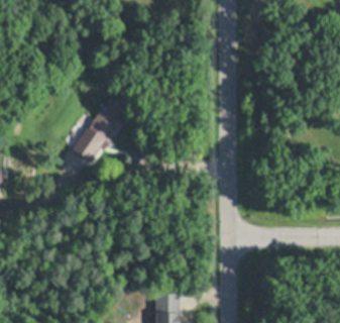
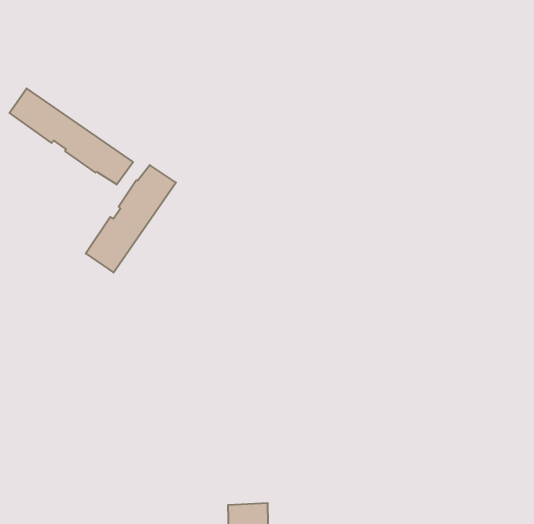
building: none -> [9,88,133,185]

